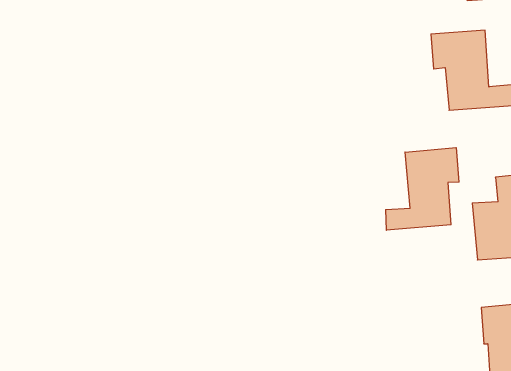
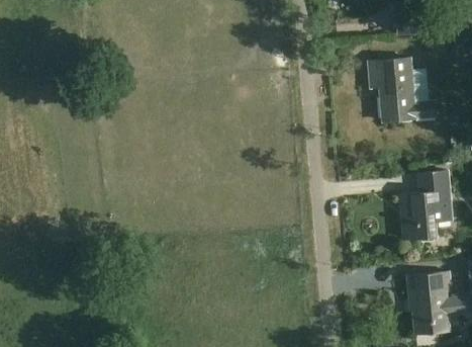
building: [386,148,459,230] -> none

